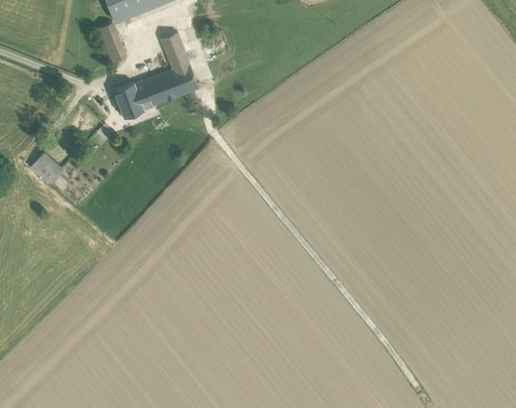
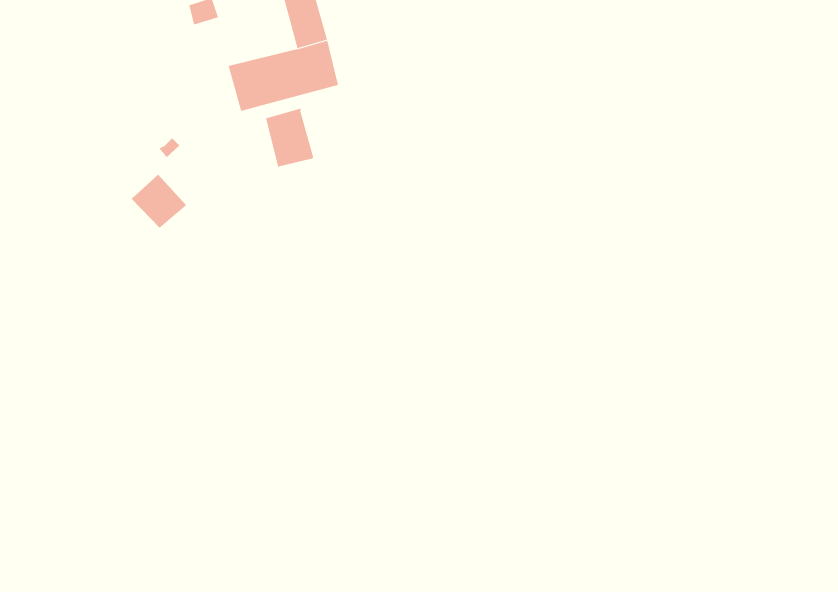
building: [114,81,144,116] -> [265,108,314,167]
building: [30,150,62,181] -> [131,174,187,228]

